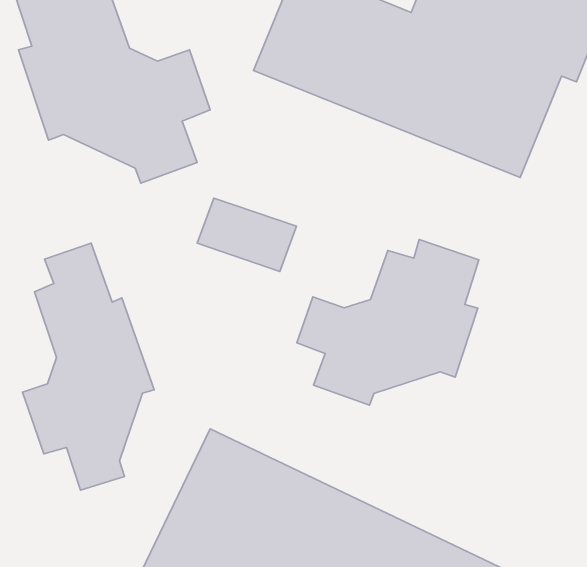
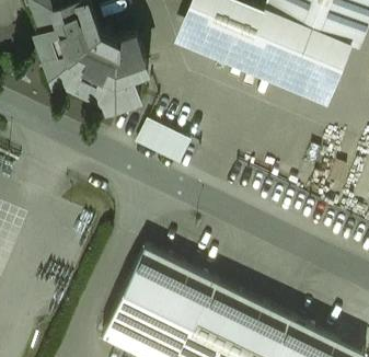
building: [297,240,479,405] -> none
building: [23,243,154,490] -> none

